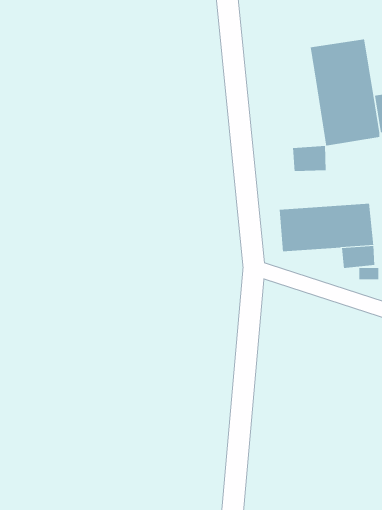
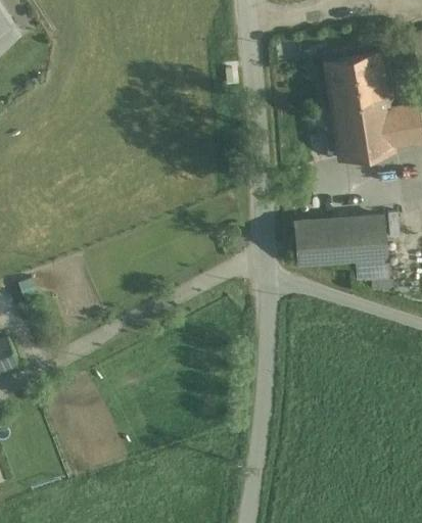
building: [292,145,326,172] -> none

